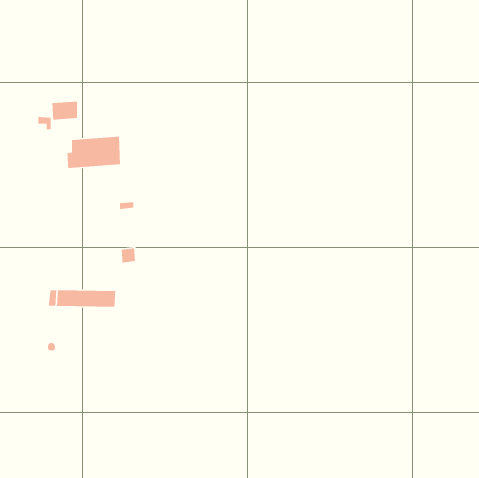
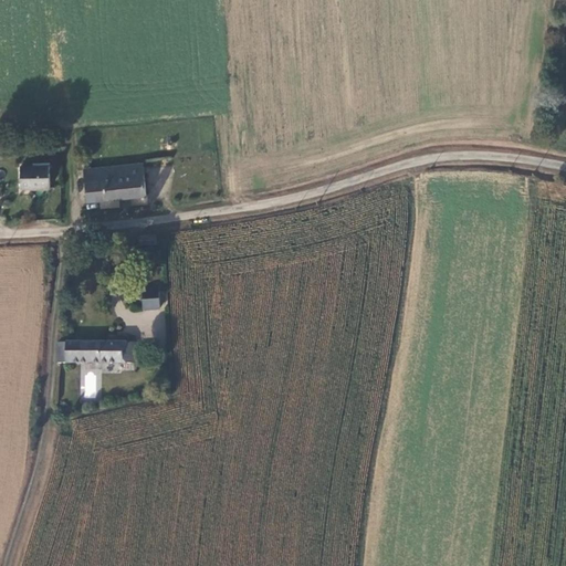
building: [52,101,78,120] -> [23,169,54,192]

